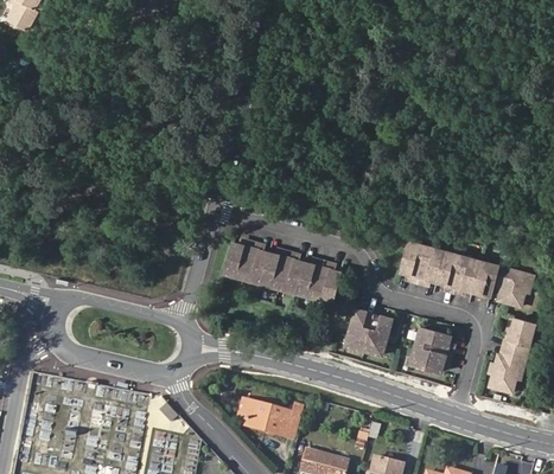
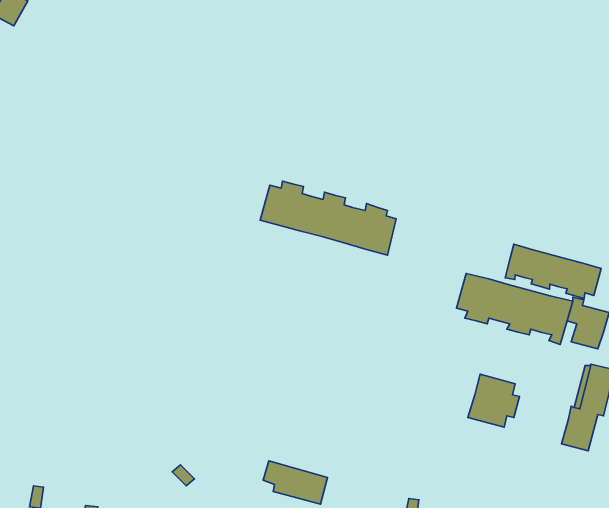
building: none -> [505,244,601,299]
building: [225,238,340,301] -> [260,181,396,255]
building: [346,307,393,353] -> none

